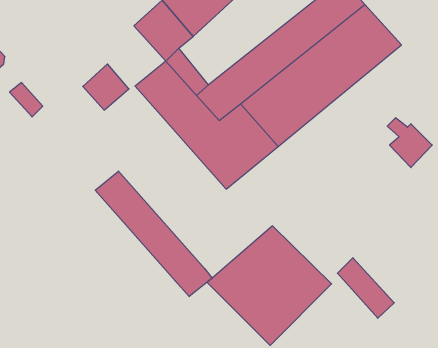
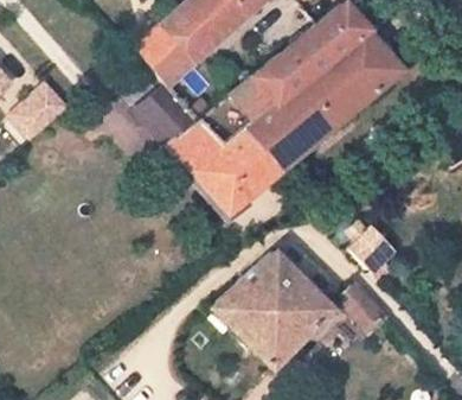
building: [83,64,129,110] -> [23,83,69,129]
building: [387,118,432,168] -> [348,221,393,271]
building: [95,171,212,297] -> none

